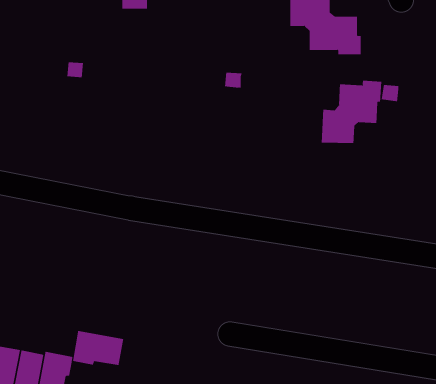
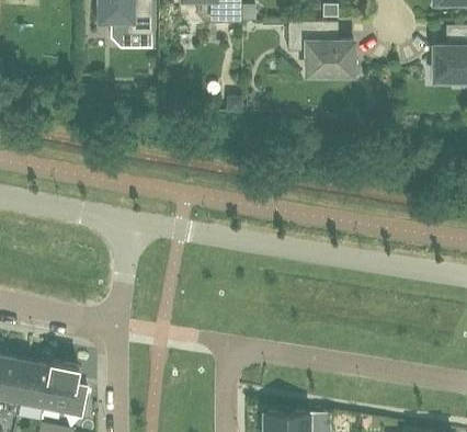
building: [321,80,382,144] -> none
building: [73,330,124,366] -> none

